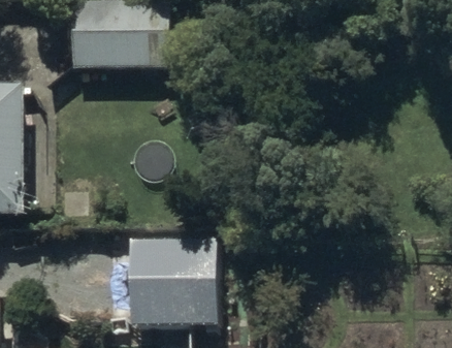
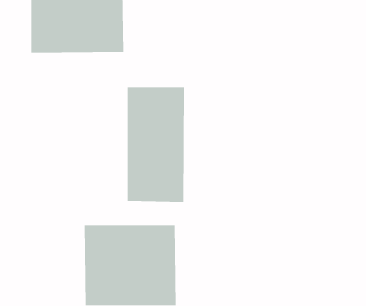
building: none -> [127,87,185,203]

